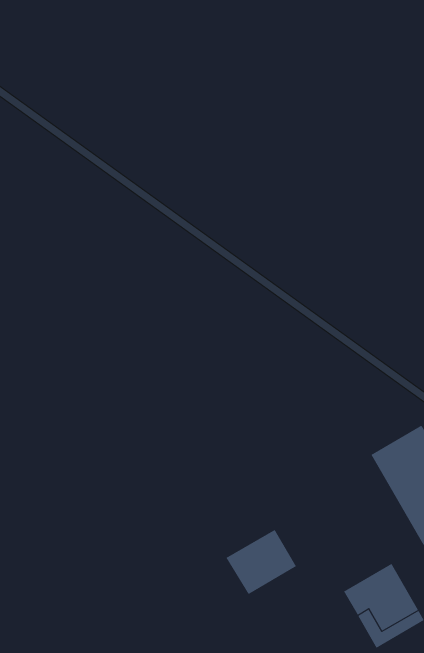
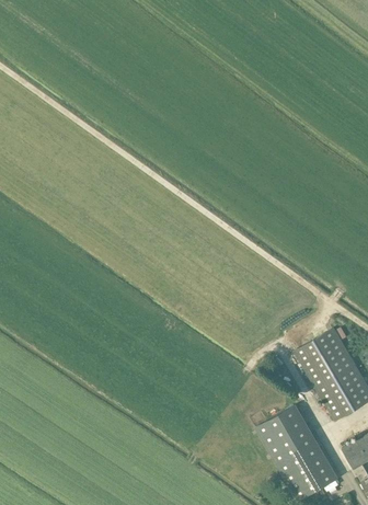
building: [225,529,297,595] -> [257,405,312,456]

